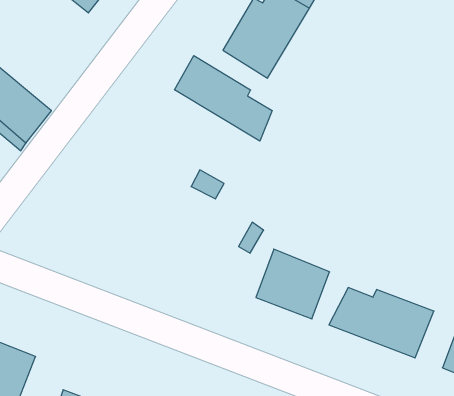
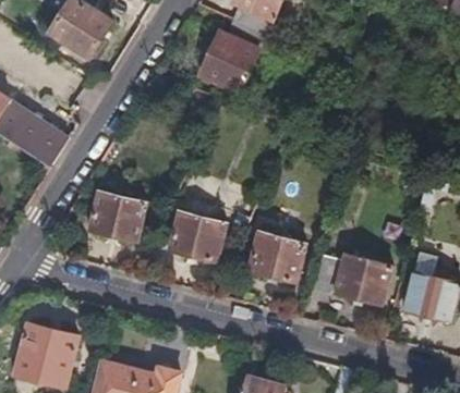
building: [175,56,272,141] -> none
building: none -> [90,189,147,241]
building: none -> [169,210,227,261]

